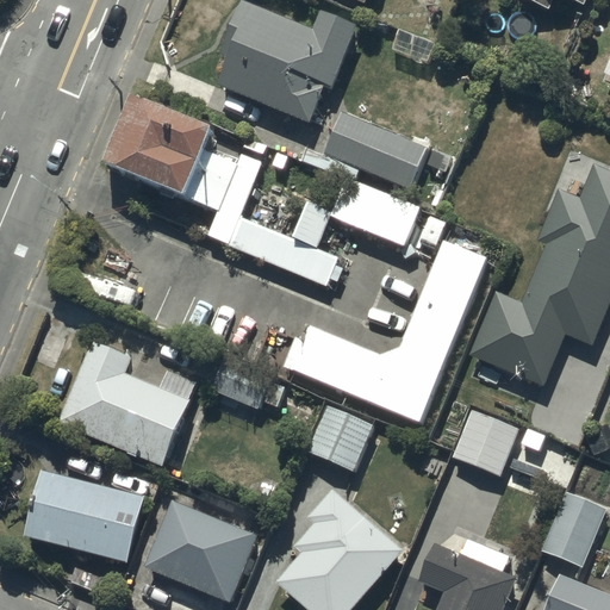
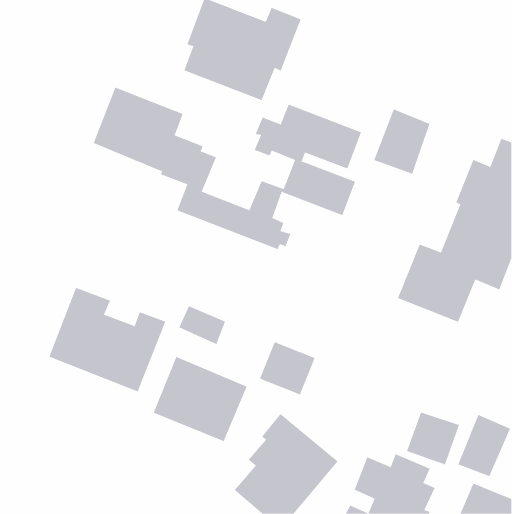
building: none -> [373,108,430,175]
building: [291,244,488,425] -> none
building: [452,410,515,473] -> [406,412,460,465]
building: [23,467,144,559] -> none
building: [144,498,256,599] -> [153,356,247,442]

